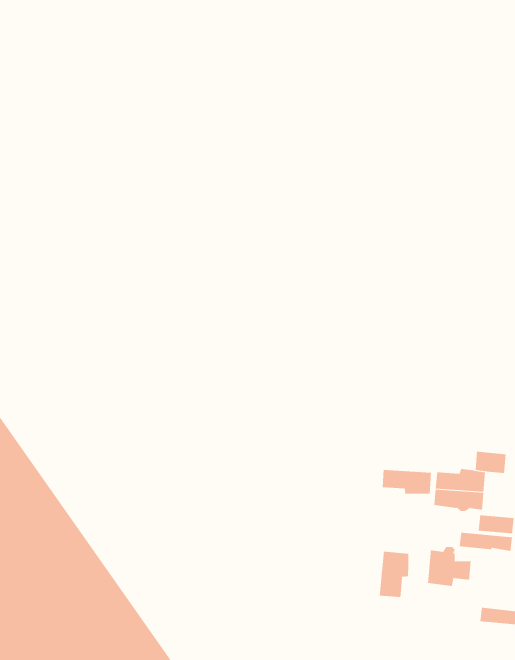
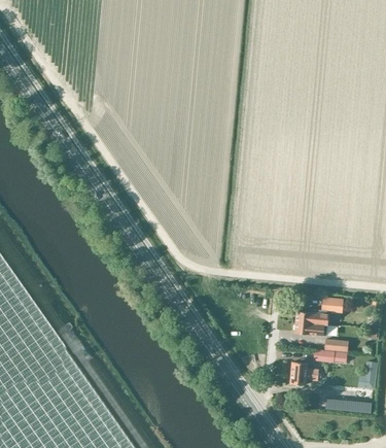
building: [382,469,431,495] -> none
building: [379,551,409,598] -> none

